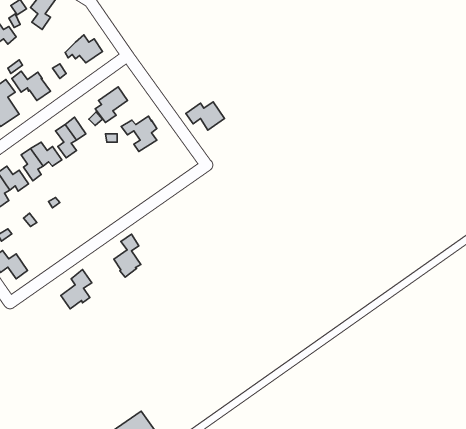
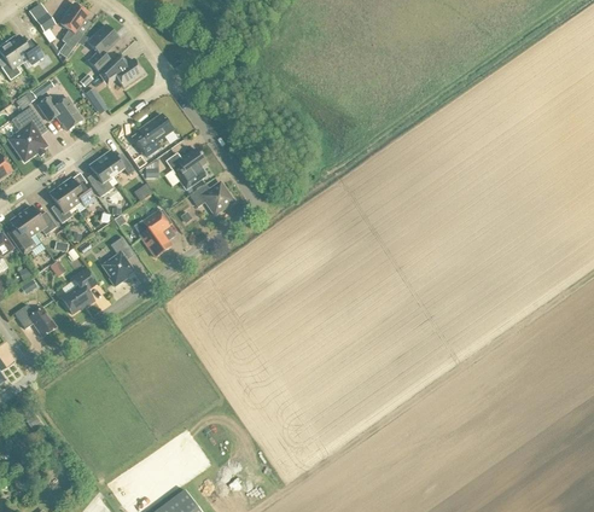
building: none -> [87,23,120,71]
building: [186,102,225,130] -> [188,181,233,214]
building: none -> [139,209,170,256]
building: [114,234,141,277] -> [101,235,133,285]
building: [61,269,92,309] -> [60,267,97,313]

